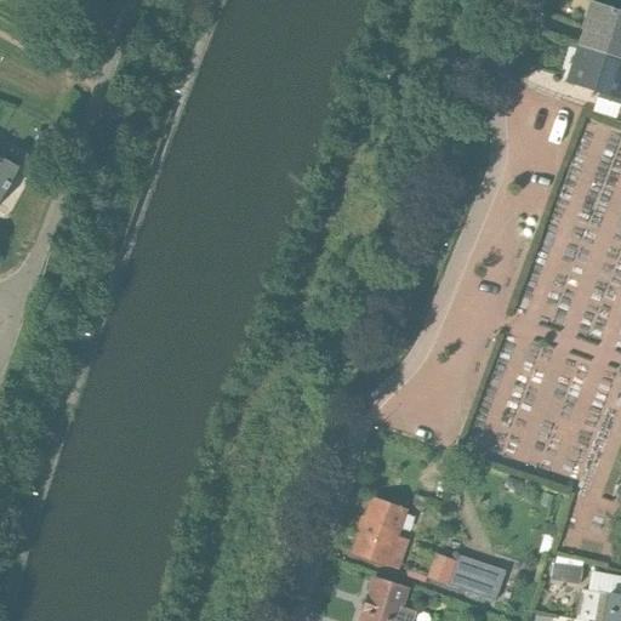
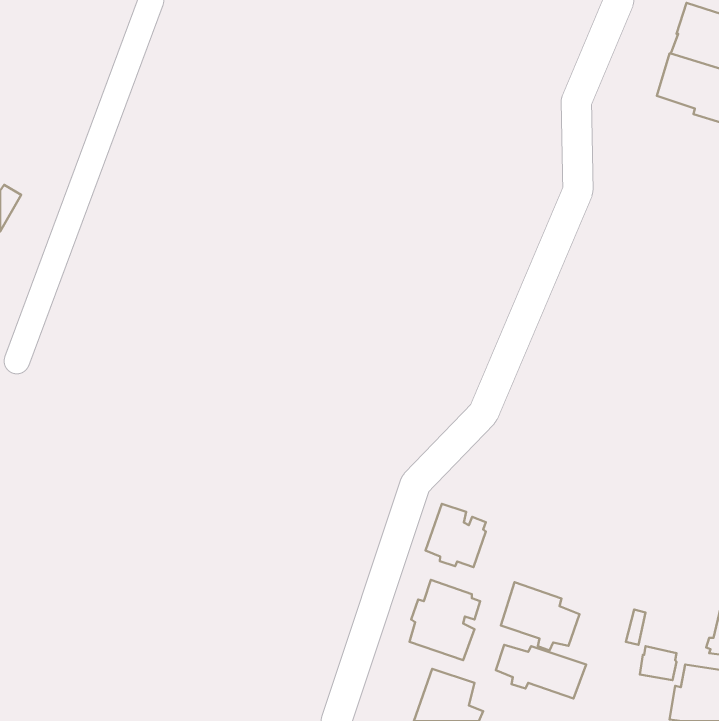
building: none -> [425,504,486,567]
building: none -> [501,582,579,651]

